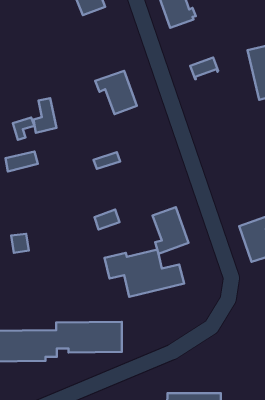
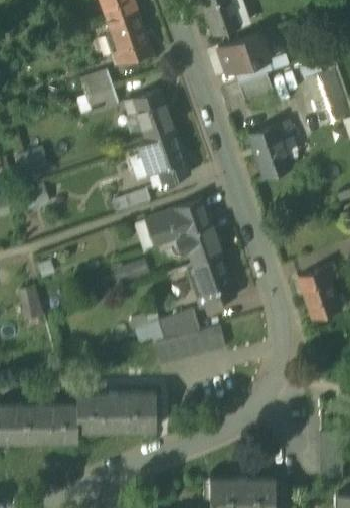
building: none -> [108,13,150,68]
building: none -> [217,35,268,75]
building: [33,98,57,133] -> [91,69,119,112]
building: none -> [246,124,291,179]
building: none -> [137,133,187,188]
building: none -> [149,200,221,266]

